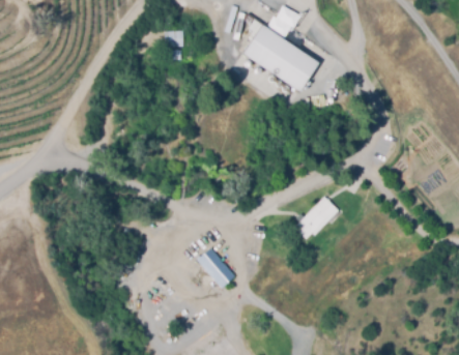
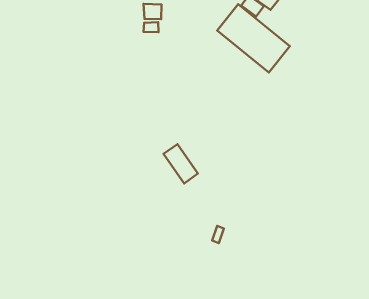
building: [296,196,339,237] -> none
building: [197,247,234,288] -> [164,144,198,183]

